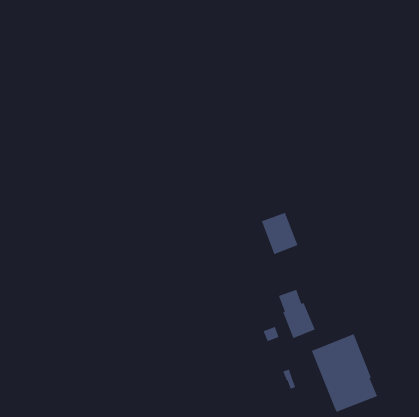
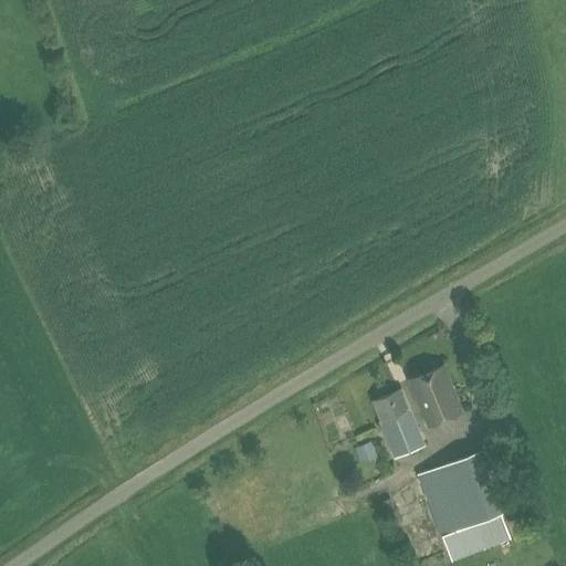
building: [261,212,299,255] -> [409,367,460,426]

